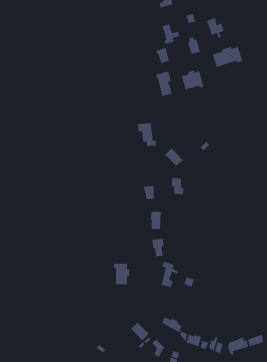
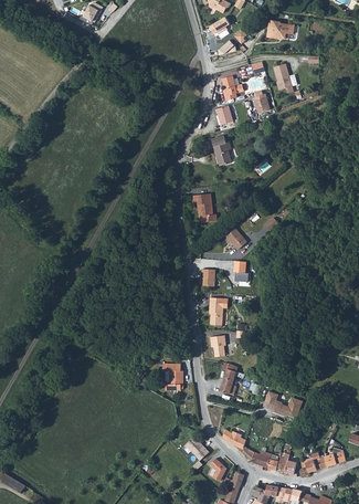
building: [212,46,243,68] -> none
building: [181,70,204,90] -> none
building: none -> [263,391,303,419]

